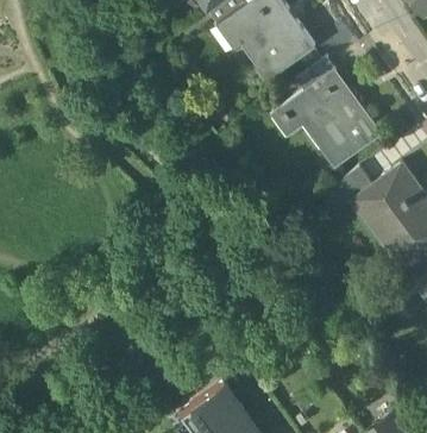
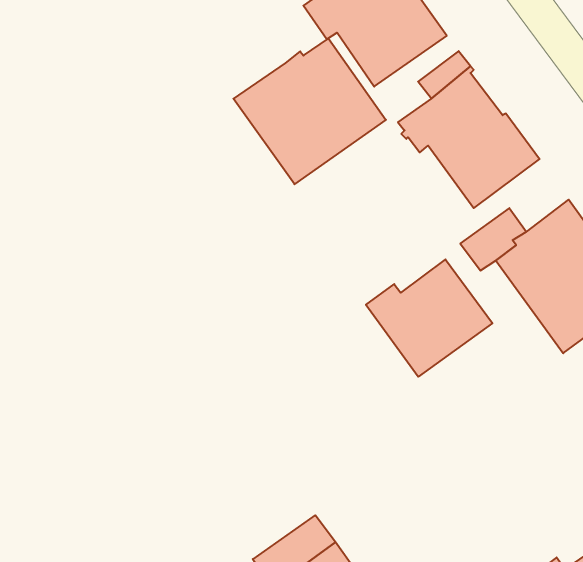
building: none -> [233,38,386,184]
building: none -> [366,259,492,377]

